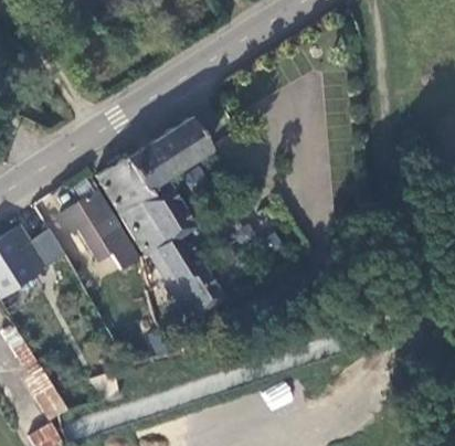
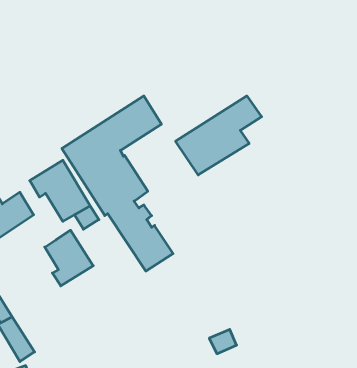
building: none -> [176,96,262,175]
building: none -> [45,230,93,286]

